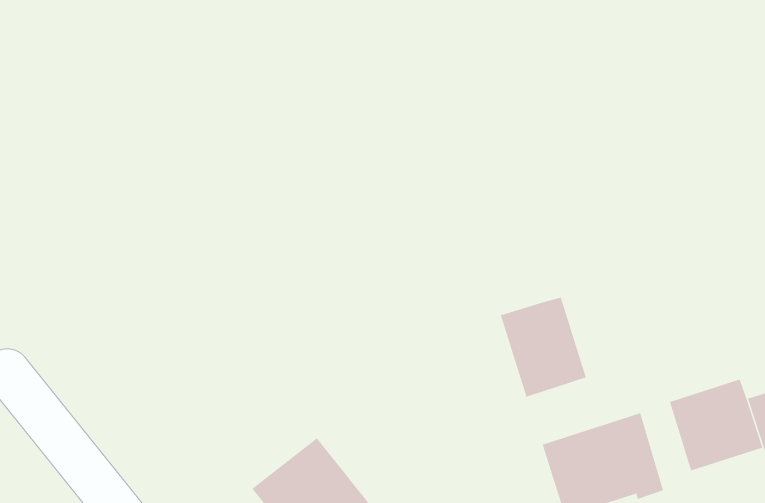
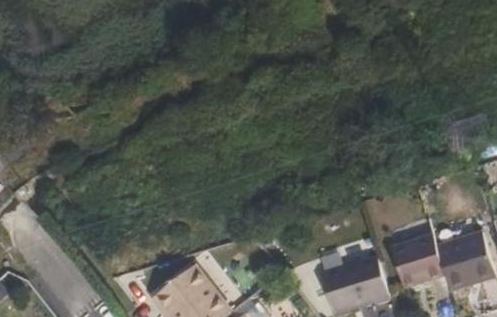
building: [500,297,586,398] -> none

